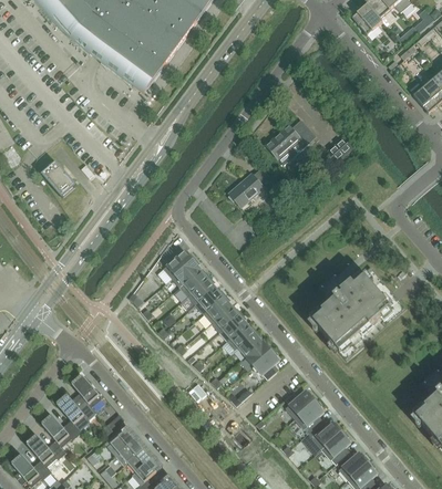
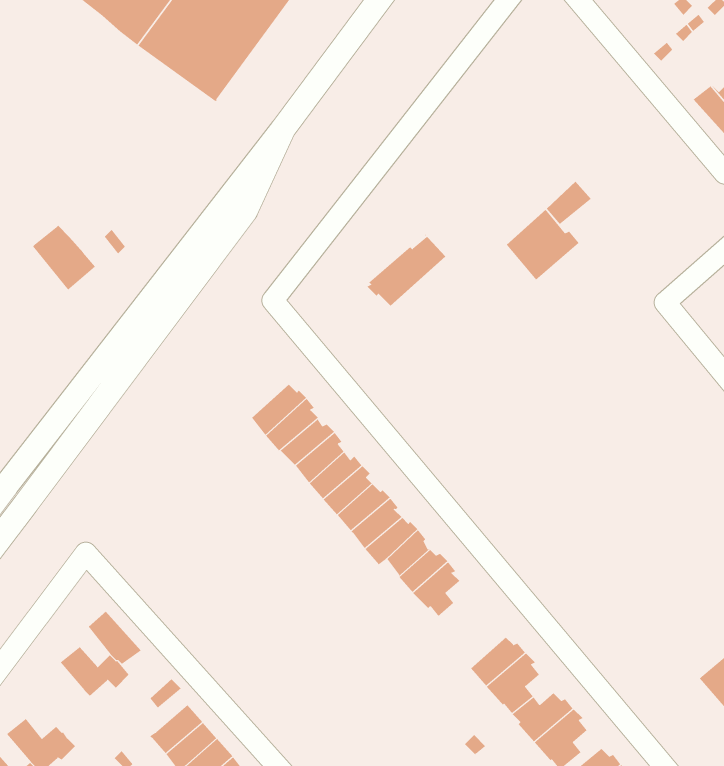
building: [266,124,307,164] -> [506,209,580,281]
building: [309,266,405,358] -> none
building: [41,415,81,446] -> none

